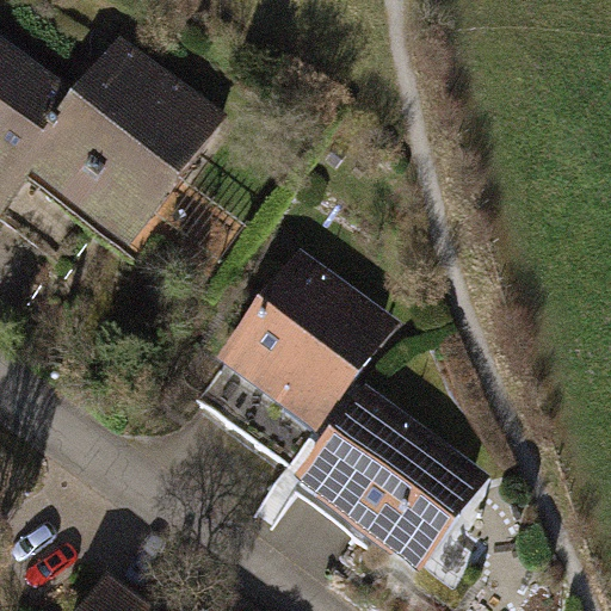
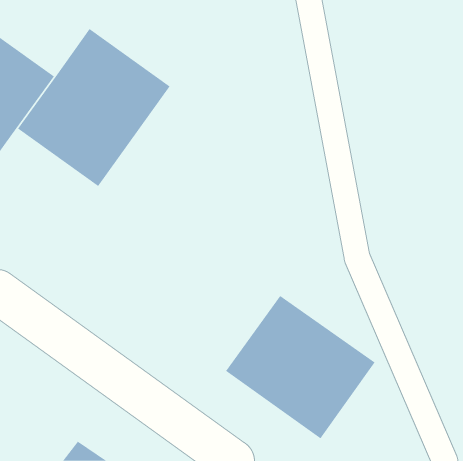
building: [216,249,397,436] -> none

